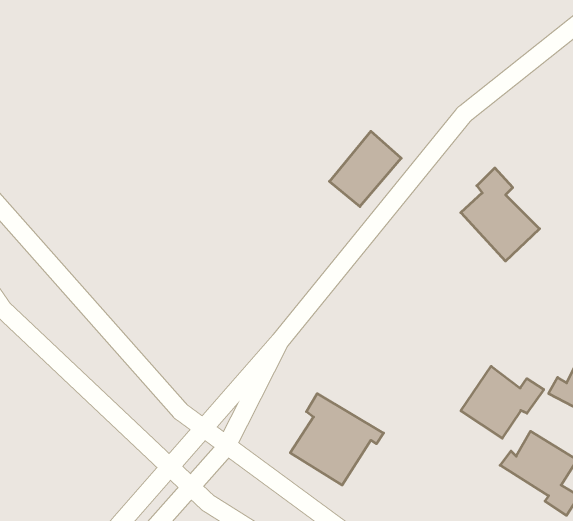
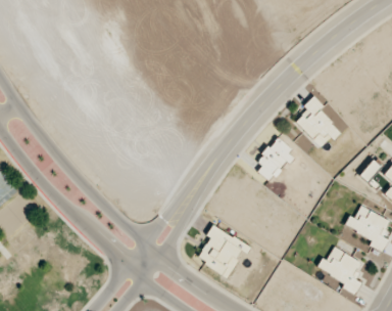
building: [329,131,401,207] -> [253,139,294,182]
building: [461,366,544,438] -> none

